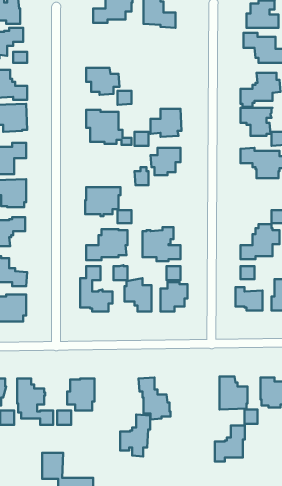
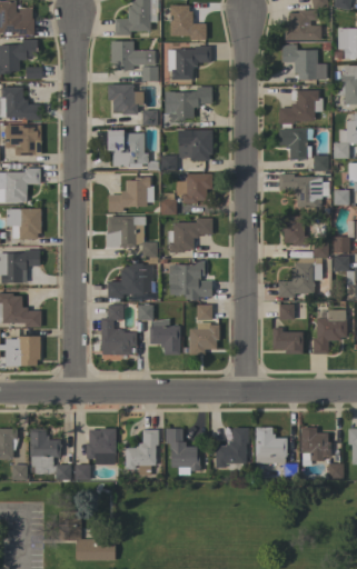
building: none -> [111,41,159,81]
building: none -> [168,47,212,79]
building: none -> [166,87,212,122]
building: none -> [108,177,151,212]
building: none -> [279,216,309,246]
building: none -> [168,218,212,252]
building: [120,414,150,457] -> [126,429,159,476]
building: [215,425,245,462] -> [216,428,249,468]

